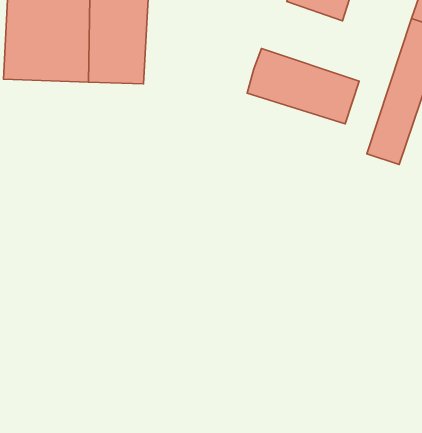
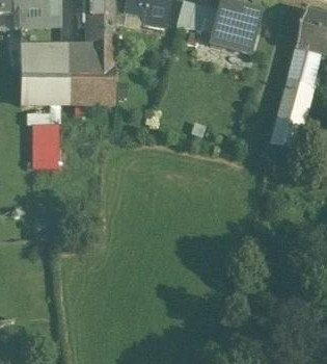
building: [247,49,359,124] -> none
building: none -> [34,124,59,165]

